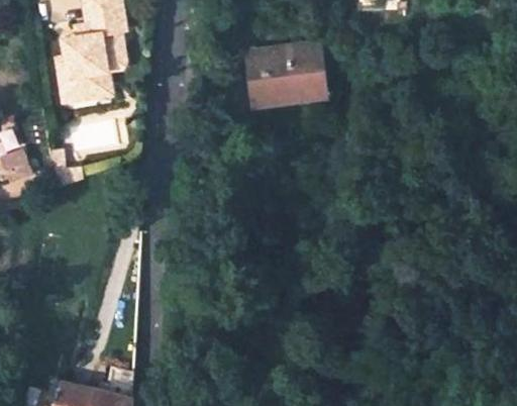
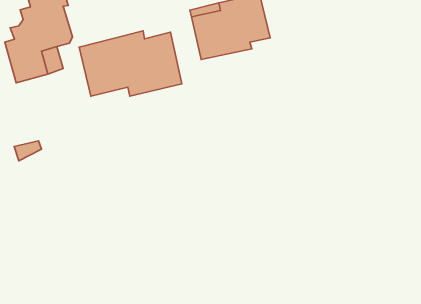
building: none -> [79,31,182,96]

